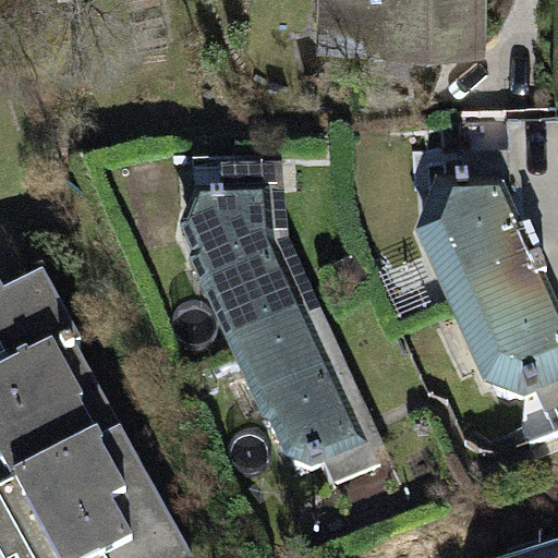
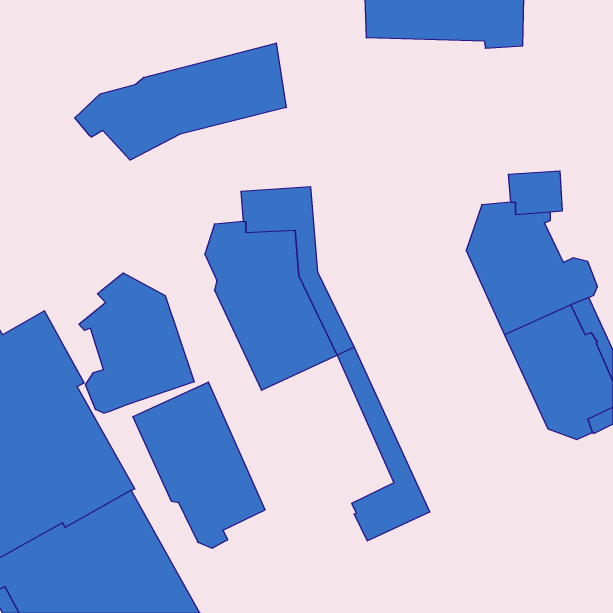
building: none -> [75,43,286,160]
building: none -> [79,273,194,413]
building: [236,322,356,472] -> [133,382,265,548]

